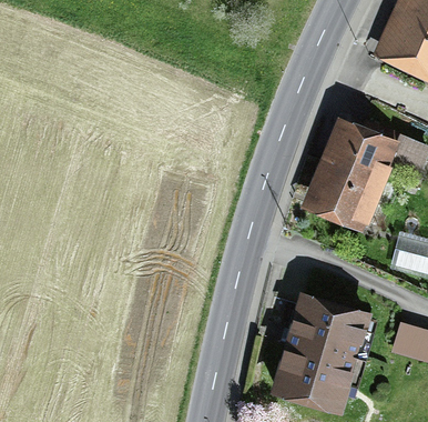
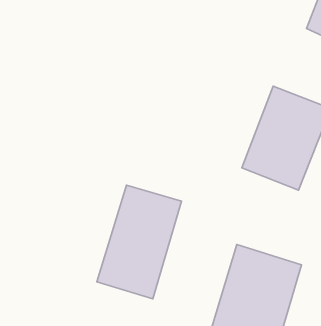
building: none -> [97,185,182,299]

